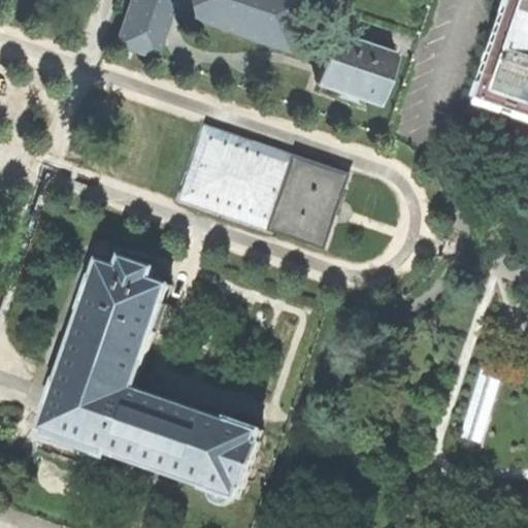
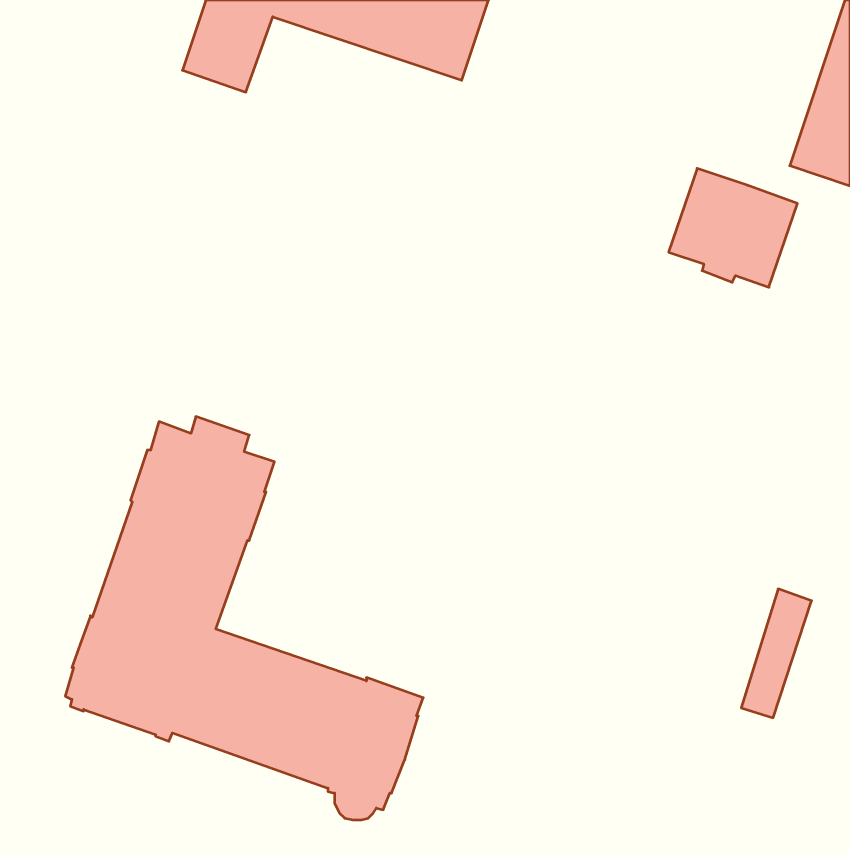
building: [312,31,392,104] -> [669,168,797,287]
building: [178,127,343,244] -> none

